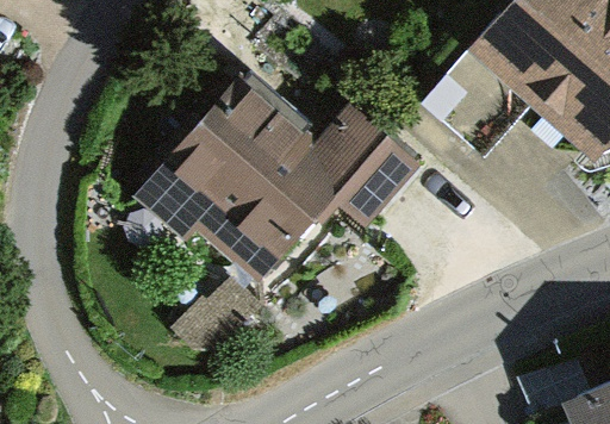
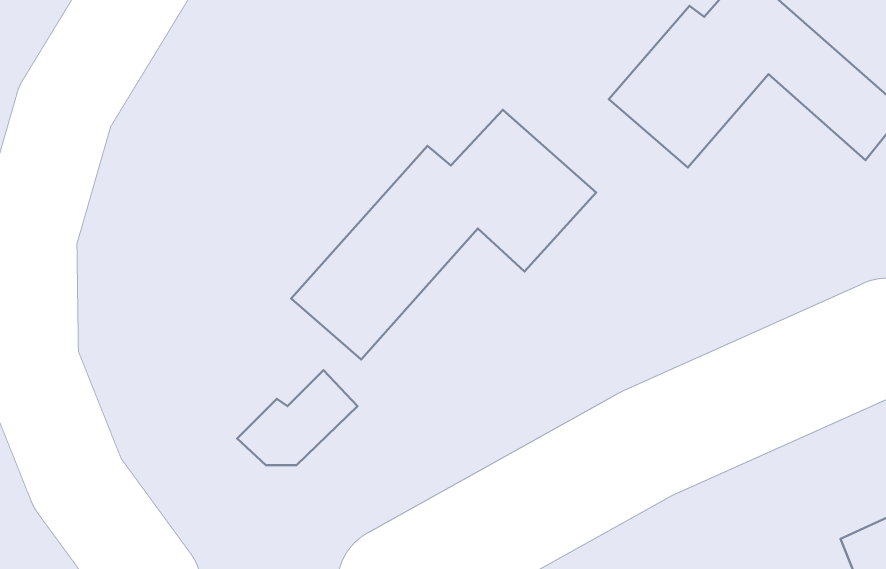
building: [141,67,313,233] -> none

